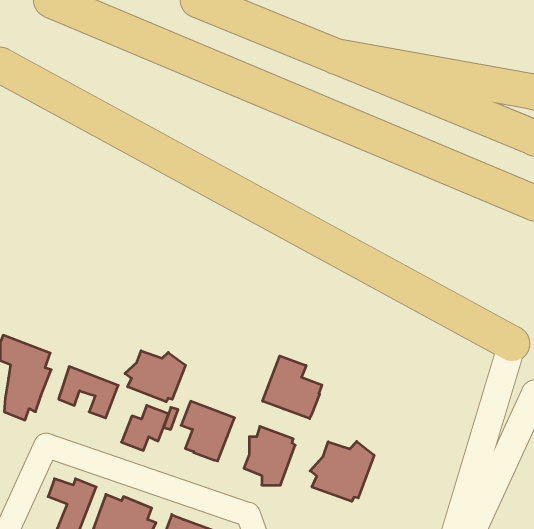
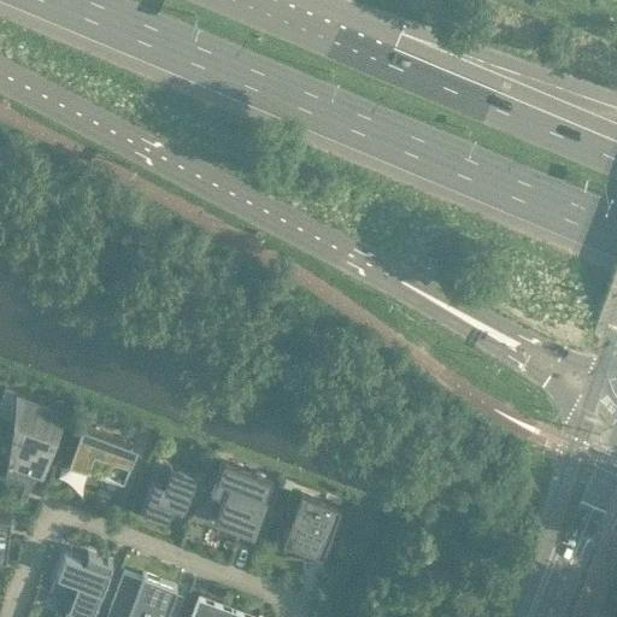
building: [125,351,185,402] -> none
building: [263,356,322,419] -> none
building: [310,441,374,501] -> none

